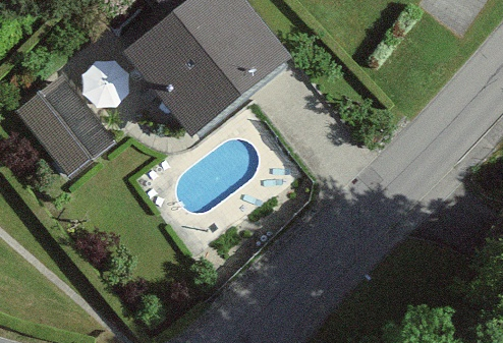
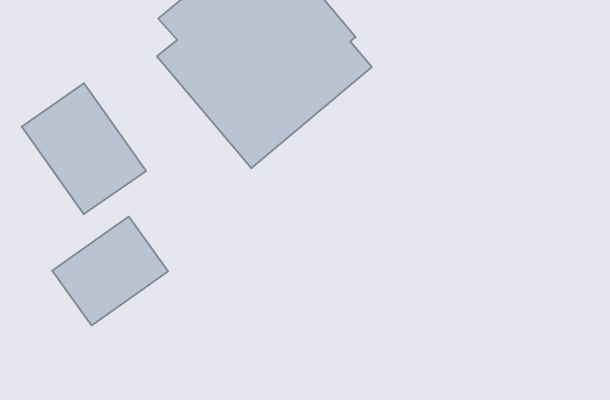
building: none -> [52,217,168,325]

